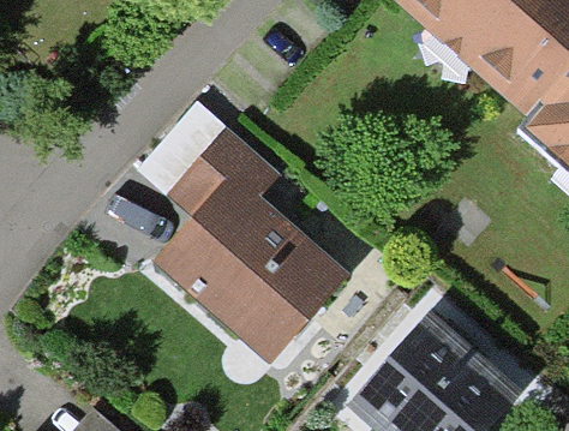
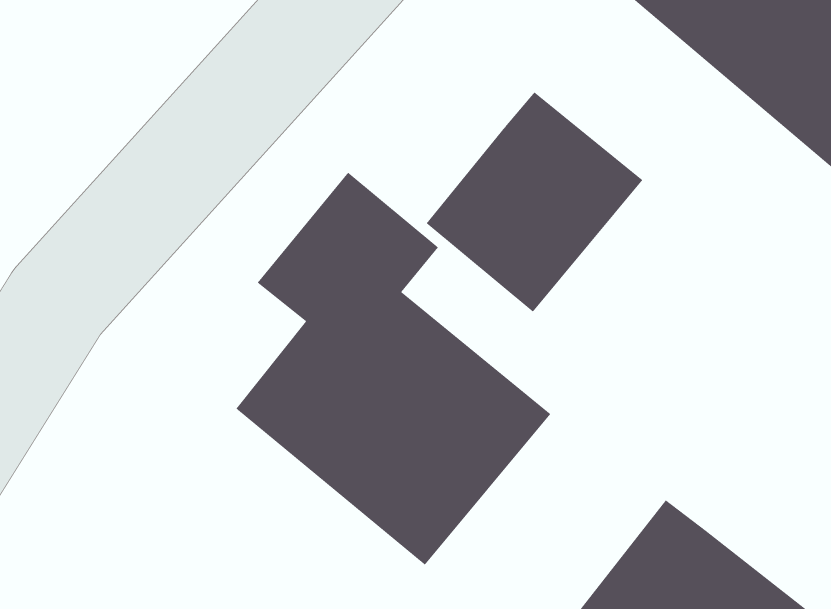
building: none -> [426,91,643,313]

